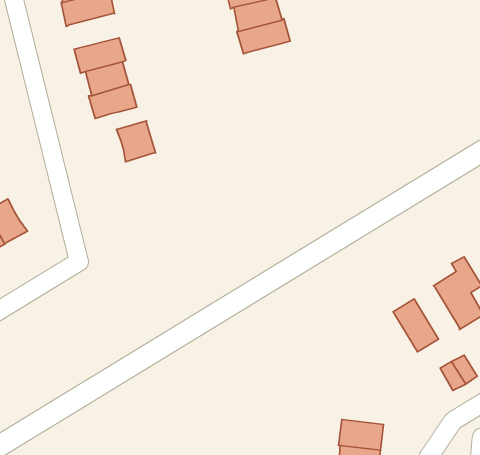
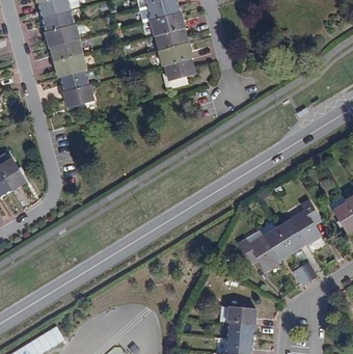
building: none -> [52,42,84,64]
building: none -> [167,60,195,81]
building: [116,121,156,162] -> none
building: none -> [274,218,303,251]
building: none -> [235,233,277,271]

